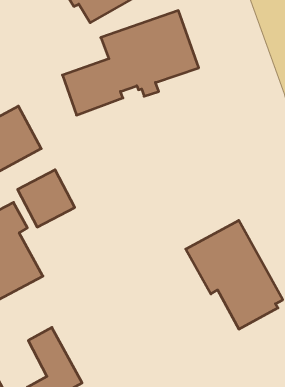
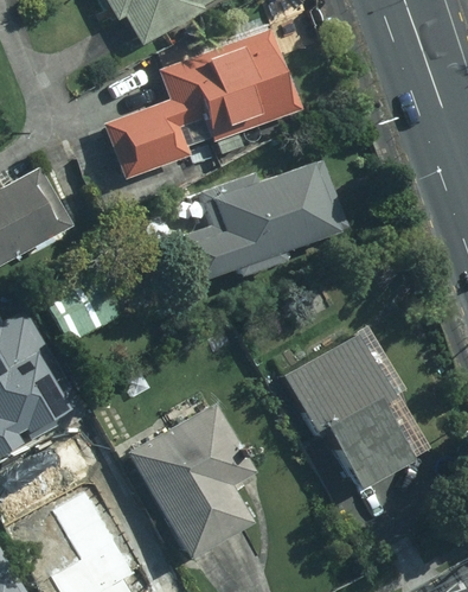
building: none -> [180,160,348,281]
building: none -> [126,402,256,559]

